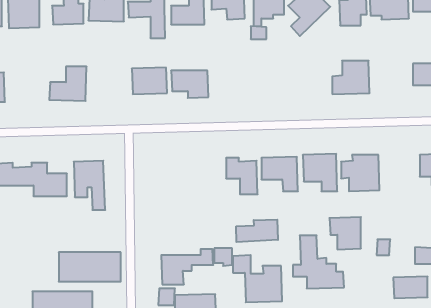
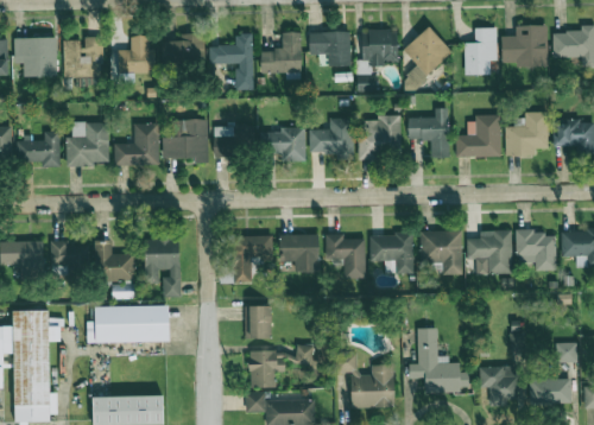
building: none -> [407,107,449,156]
building: none -> [504,112,548,156]
building: none -> [359,115,400,157]
building: none -> [308,118,353,160]
building: none -> [162,119,208,164]
building: none -> [65,121,108,166]
building: none -> [514,231,556,271]
building: none -> [278,234,318,269]
building: none -> [232,235,272,283]
building: none -> [244,305,271,338]
building: [329,217,361,249] -> [479,366,517,405]
building: [236,220,278,242] -> none
building: [59,252,121,282] -> [95,305,170,341]

